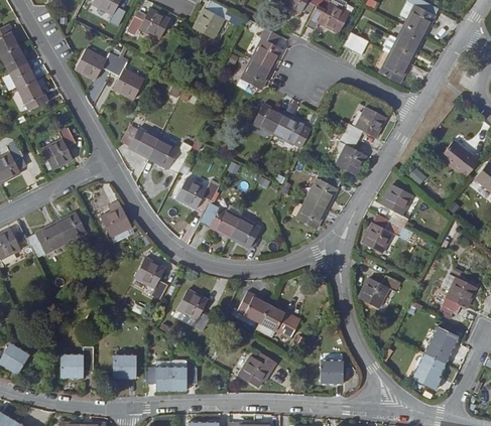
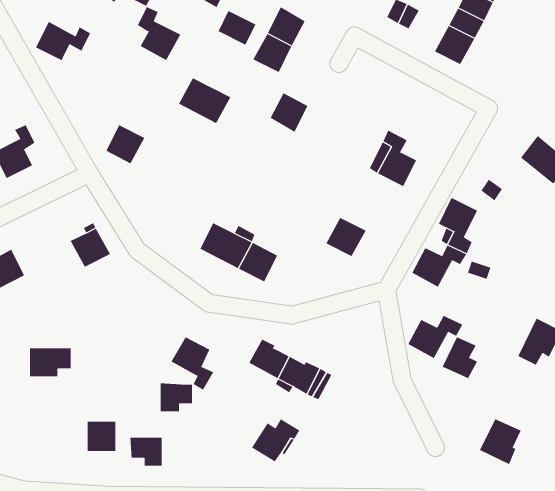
building: none -> [218,10,256,45]
building: [110,58,143,100] -> [137,7,181,61]
building: [343,107,385,140] -> none
building: [272,114,313,149] -> none
building: [147,138,188,173] -> [178,77,231,124]
building: [306,169,342,208] -> none
building: [175,178,219,208] -> none
building: [56,212,86,243] -> none
building: [136,257,168,298] -> none
building: [424,328,452,361] -> [442,336,478,379]
building: [62,353,94,376] -> [29,348,71,377]
building: [321,359,343,381] -> none
building: [171,366,197,388] -> [160,383,193,412]

